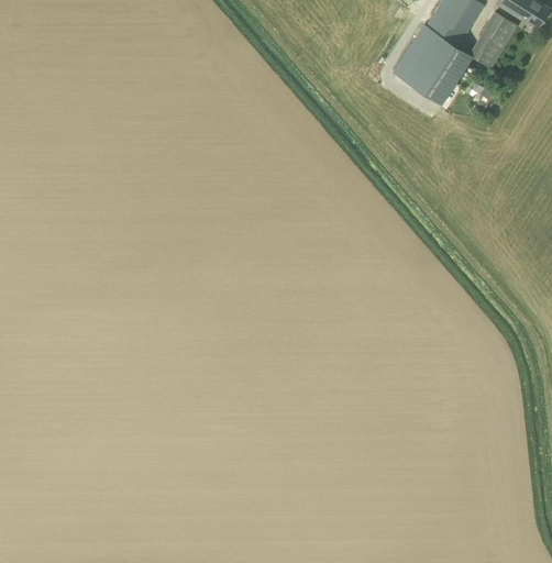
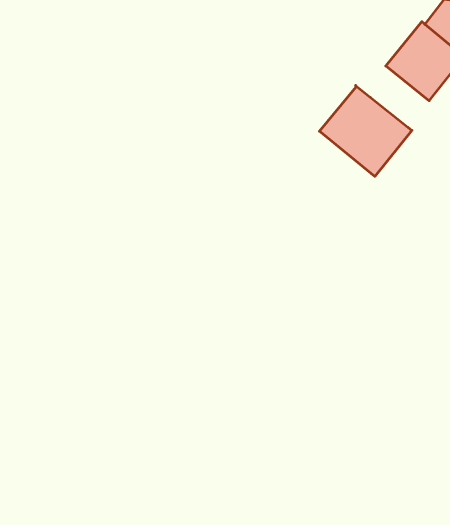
building: none -> [319,85,412,176]

